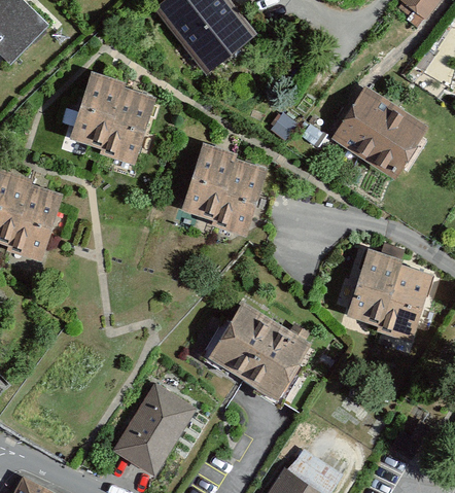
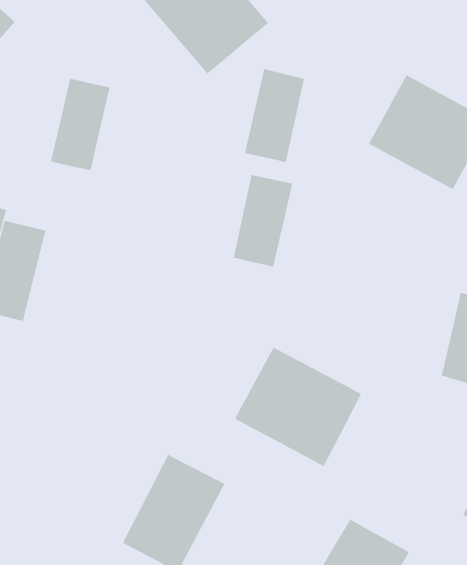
building: [102,89,155,165] -> none
building: [183,142,236,219] -> [244,69,305,162]
building: [347,248,399,325] -> none

